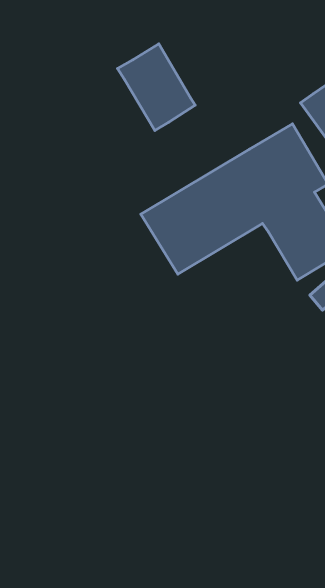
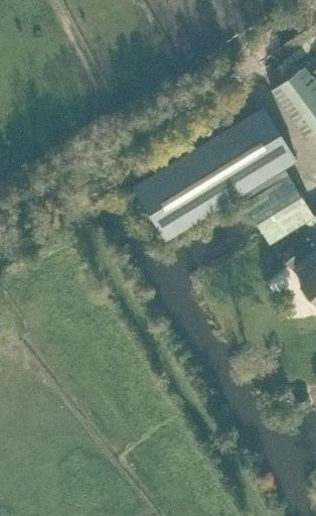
building: [117,44,195,130] -> none

